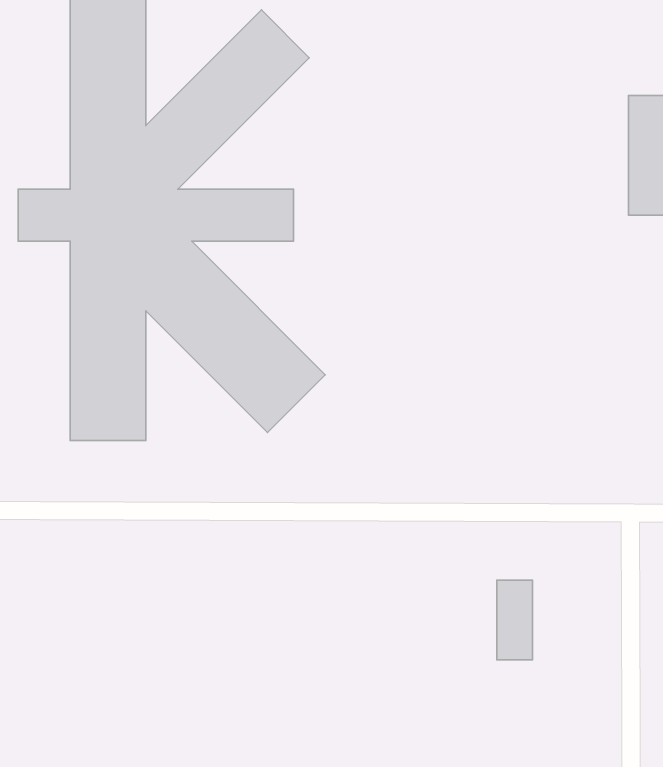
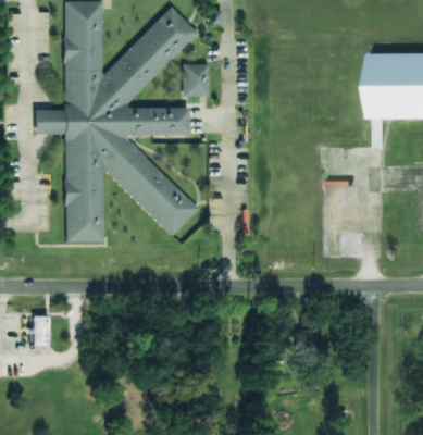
building: none -> [183,65,207,96]
building: none -> [30,316,48,345]

